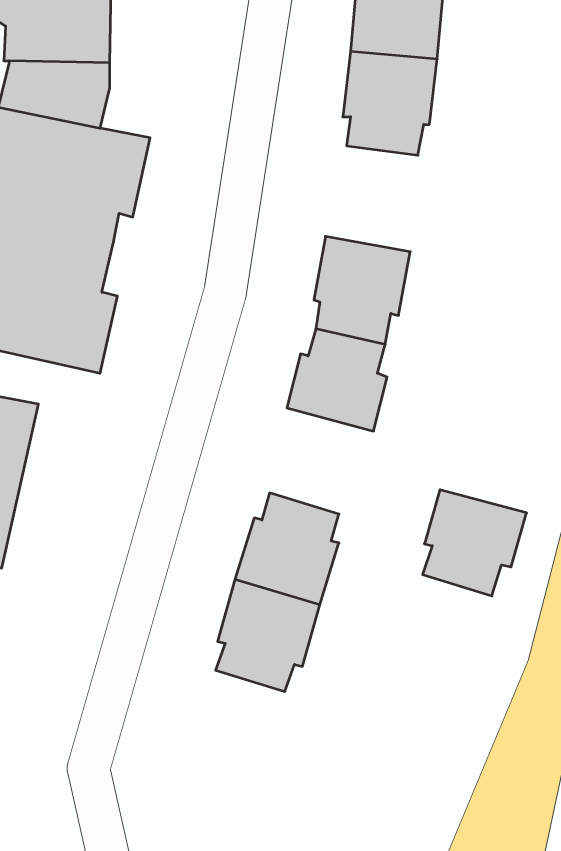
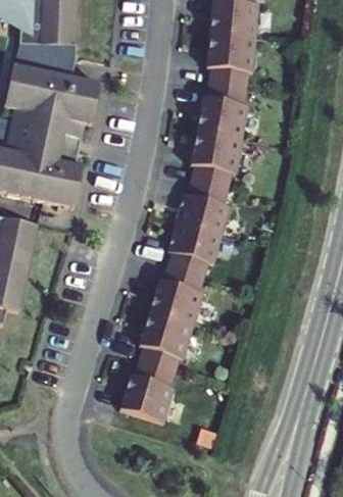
building: none -> [192,89,243,145]
building: [423,490,527,596] -> [162,228,217,284]
building: none -> [115,366,170,428]

